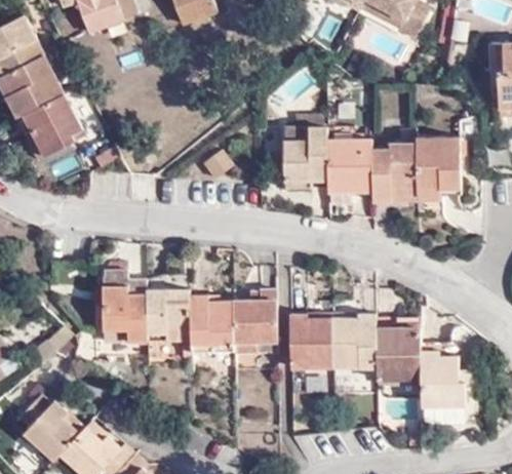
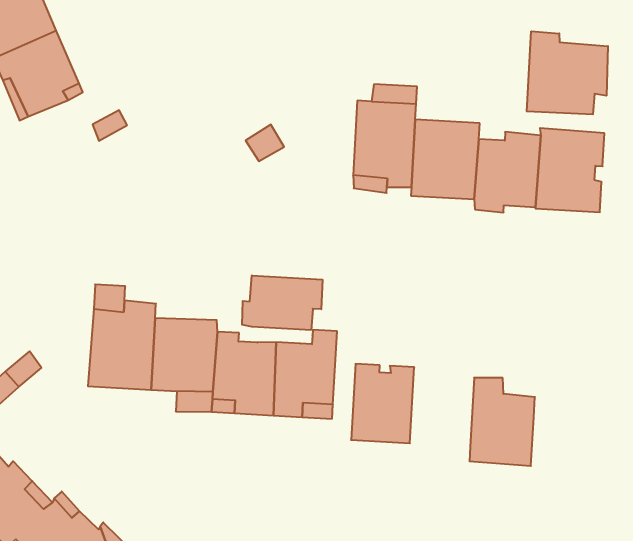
building: none -> [527,31,608,114]
building: none -> [242,275,322,330]
building: [333,316,377,370] -> none
building: [421,347,465,407] -> none

